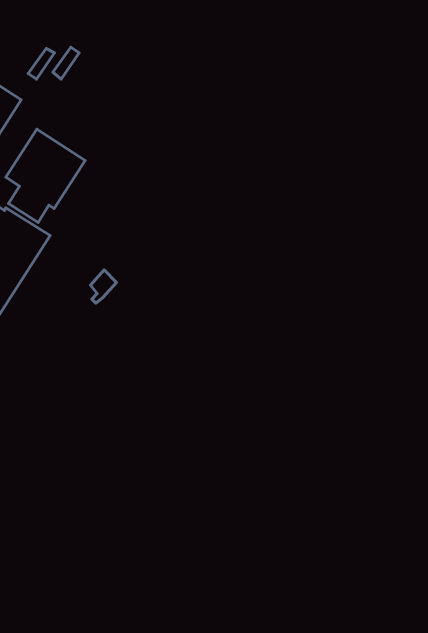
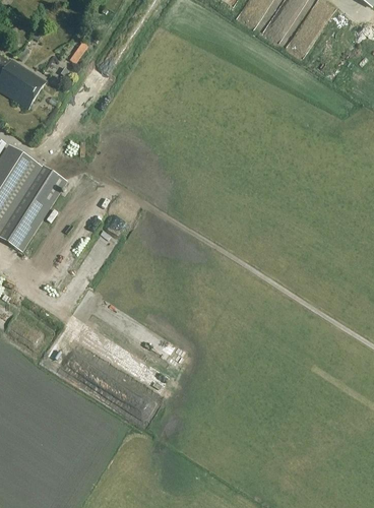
building: [6,129,85,222] -> none

